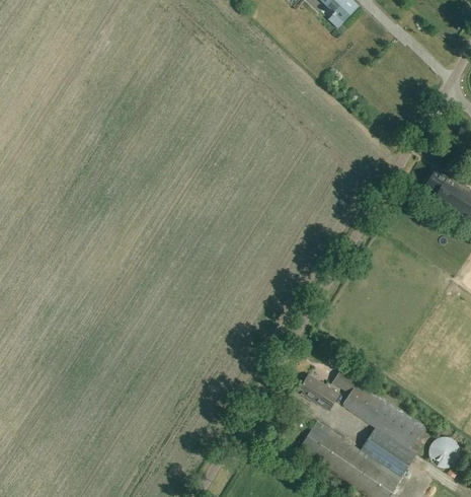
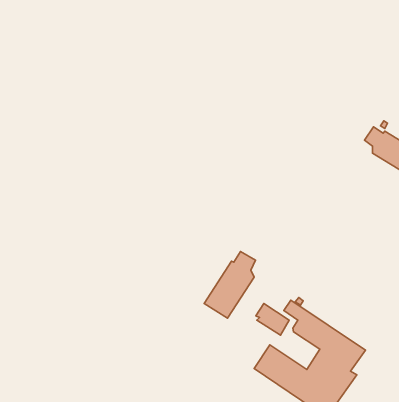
building: none -> [204,251,256,318]
building: [427,436,459,468] -> none

